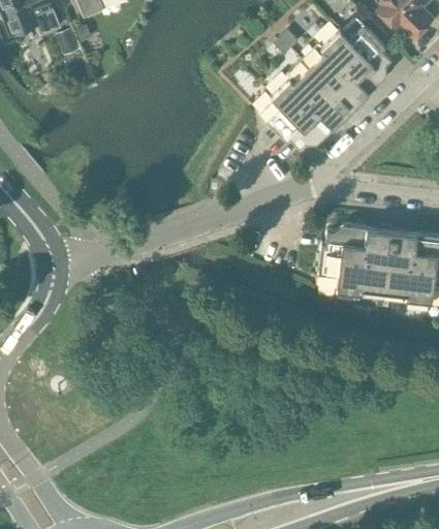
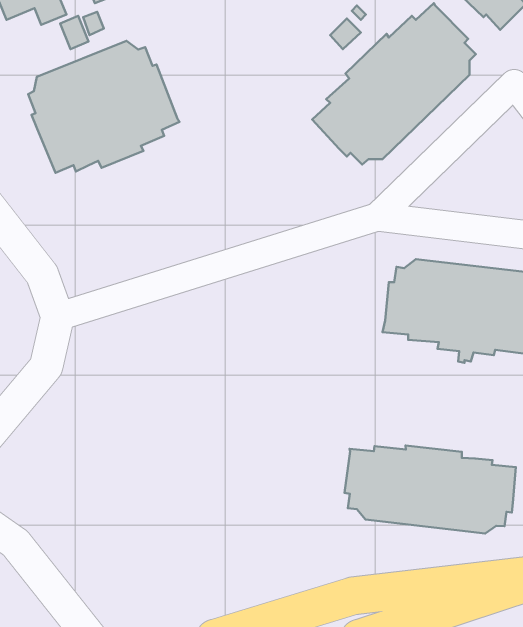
building: none -> [28,41,180,173]
building: none -> [345,445,516,533]

